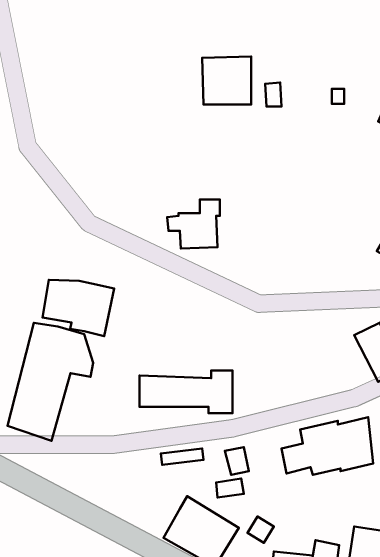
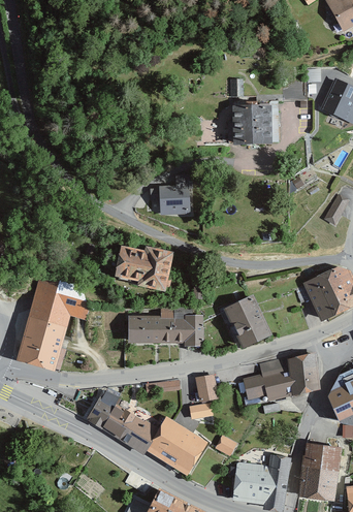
building: [202,57,251,104] -> [230,106,270,146]
building: [43,280,114,336] -> [116,247,174,293]
building: none -> [223,296,274,350]
building: none -> [87,386,160,454]

